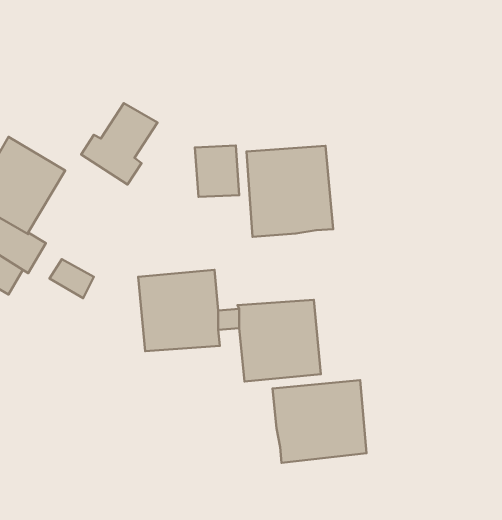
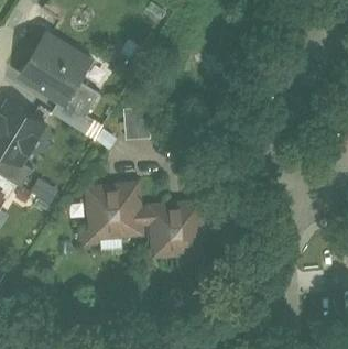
building: none -> [21,39,90,107]
building: [246,146,333,237] -> none
building: [272,380,367,463] -> none

